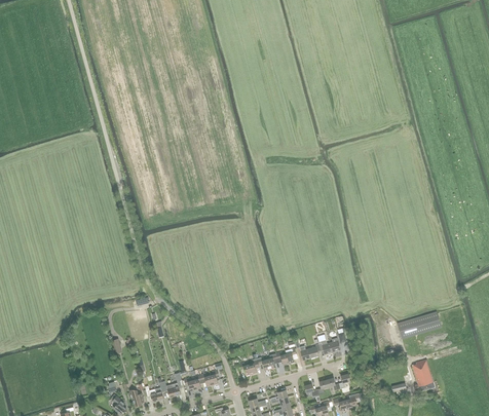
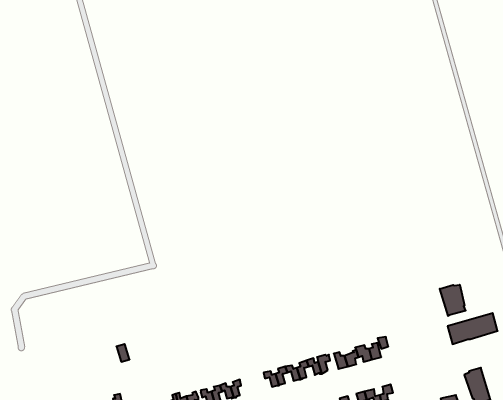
building: none -> [440,285,466,316]

